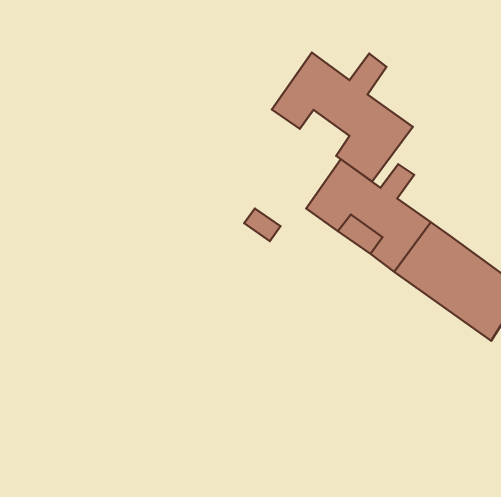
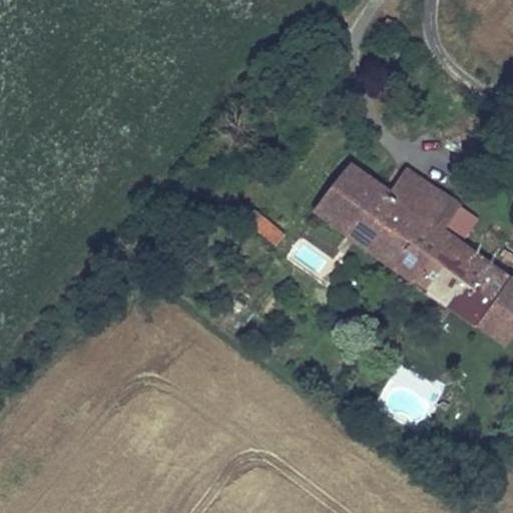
building: [272,52,413,182] -> none
building: none -> [407,177,478,239]

